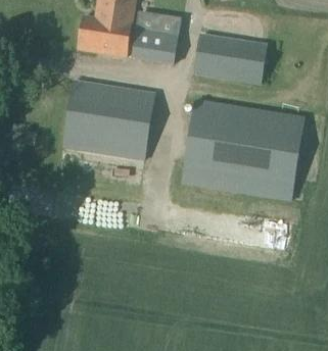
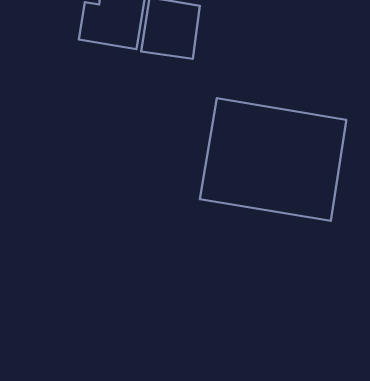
building: [192,34,267,85] -> none
building: [61,79,154,160] -> none

